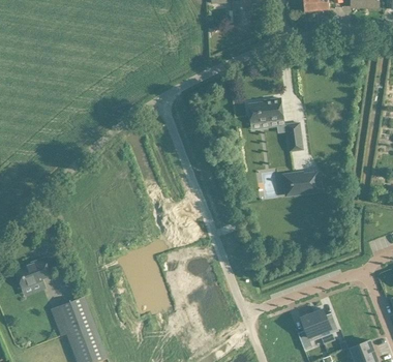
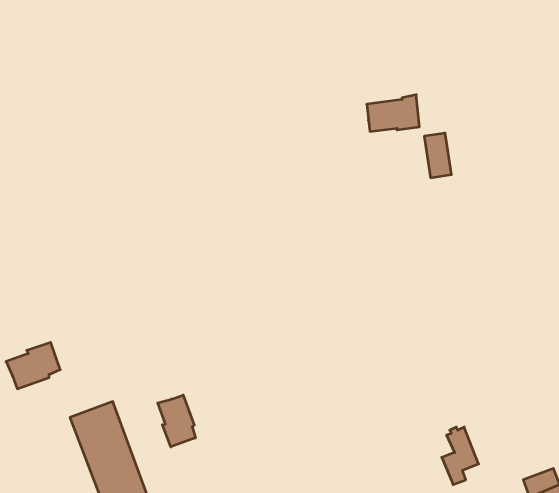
building: [281,170,323,197] -> none
building: none -> [158,395,195,447]
building: [311,307,338,336] -> none

